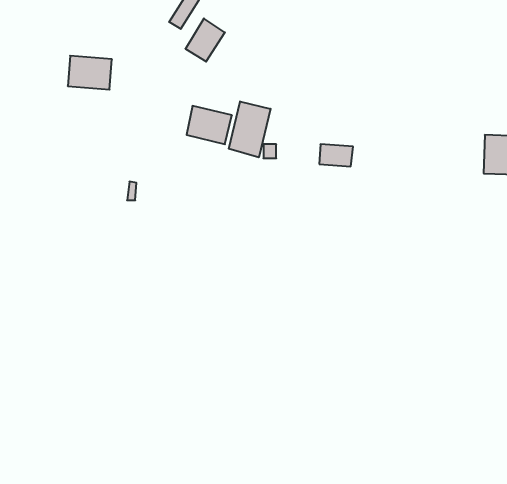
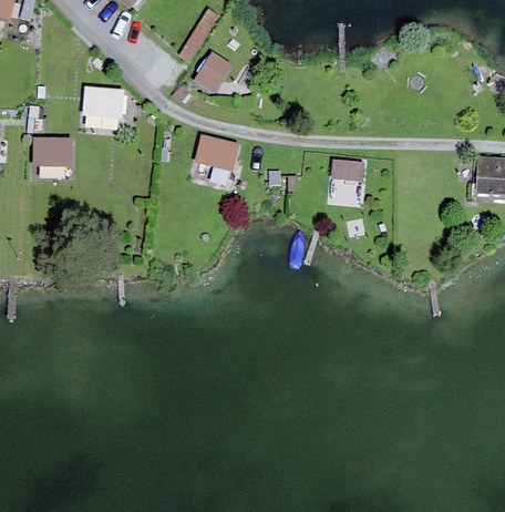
building: [229,101,271,157] -> none
building: none -> [33,137,74,165]

